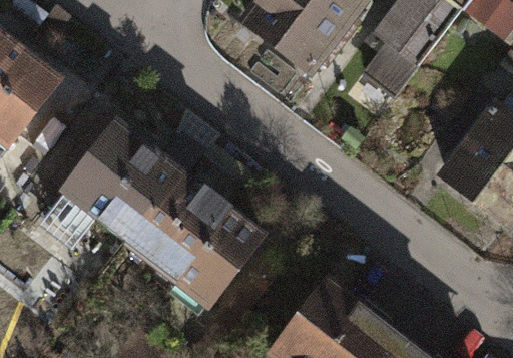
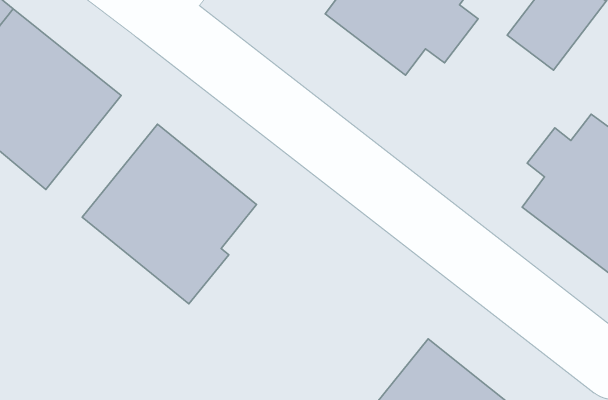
building: [156,183,297,326] -> none

